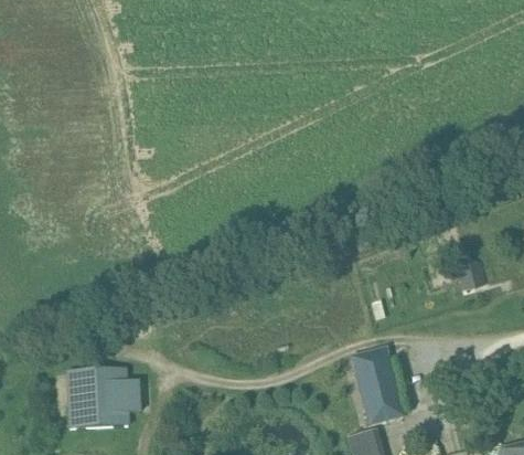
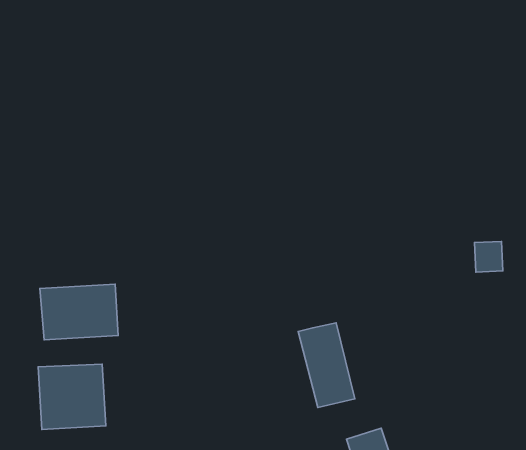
building: none -> [40,284,118,340]
building: [352,349,403,425] -> [298,323,355,408]

